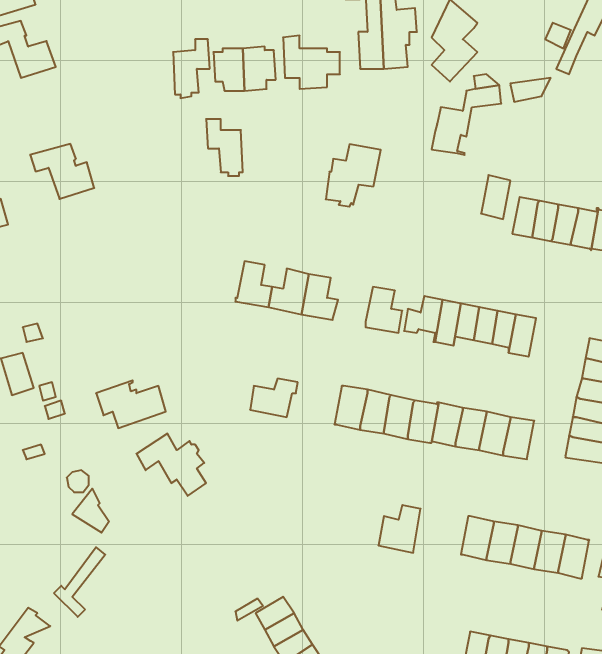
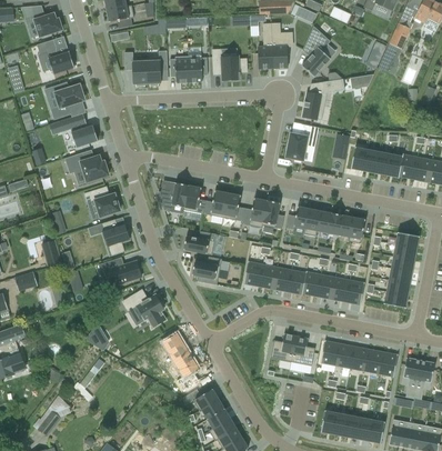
building: none -> [50,82,83,120]
building: [206,119,243,176] -> [124,52,147,87]
building: [326,144,381,207] -> [285,124,319,162]
building: none -> [64,154,109,182]
building: none -> [158,183,189,214]
building: none -> [84,187,121,217]
building: none -> [242,198,267,228]
building: none -> [100,219,129,257]
building: none -> [183,231,215,255]
building: none -> [163,334,198,392]
building: none -> [291,335,315,365]

